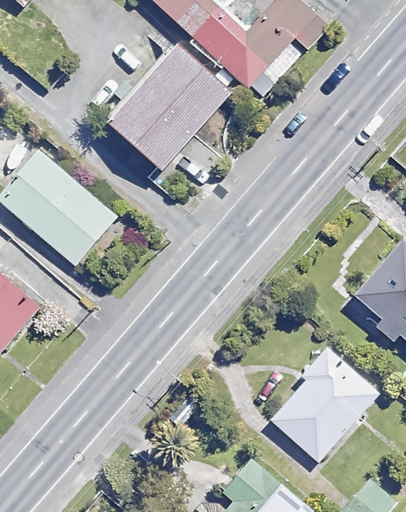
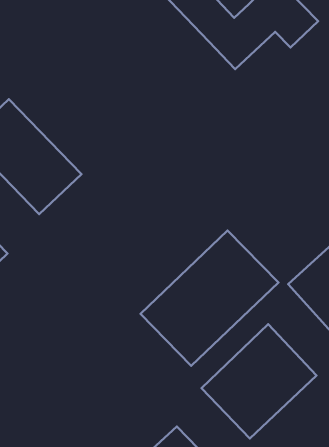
building: [101,40,236,179] -> none
building: none -> [141,230,278,366]

